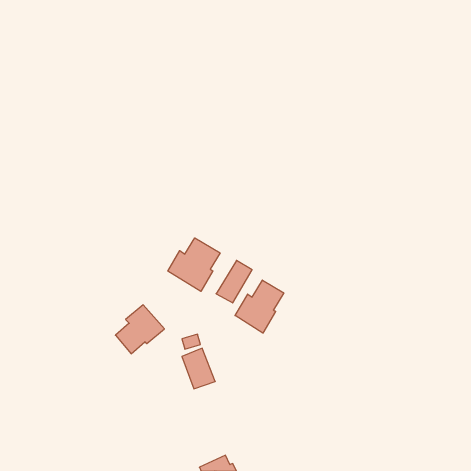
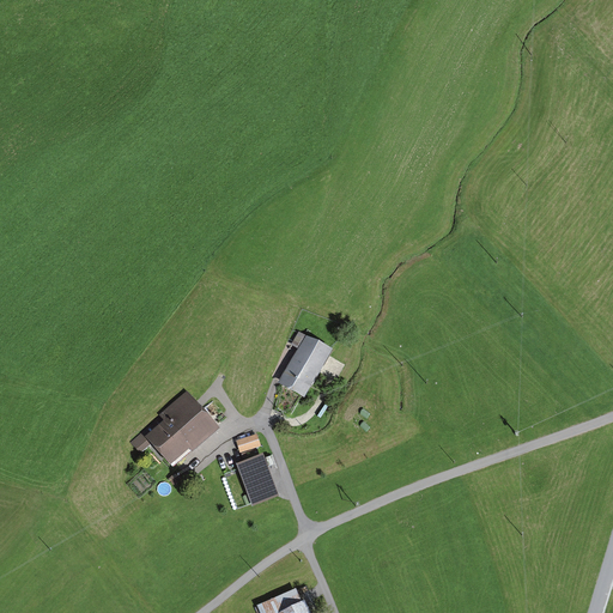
building: [168,238,220,291] -> none
building: [235,280,284,333] -> none

